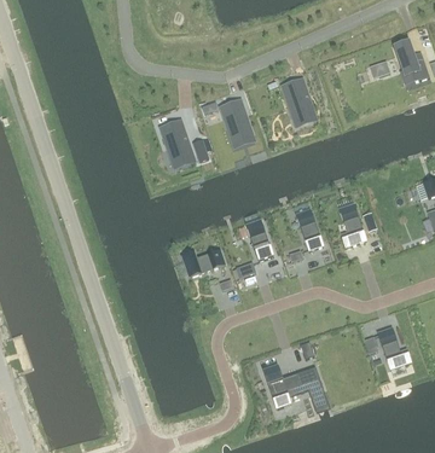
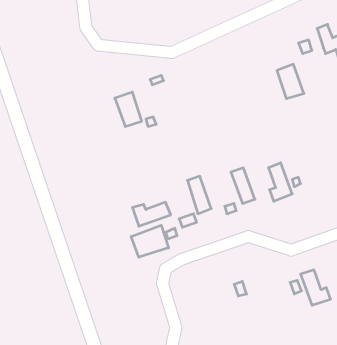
building: [282,79,313,118] -> [277,64,304,99]
building: [220,100,251,140] -> none
building: none -> [131,225,169,257]
building: [262,366,319,407] -> none

